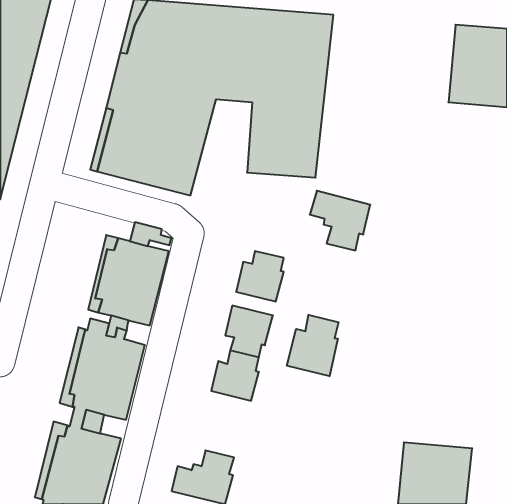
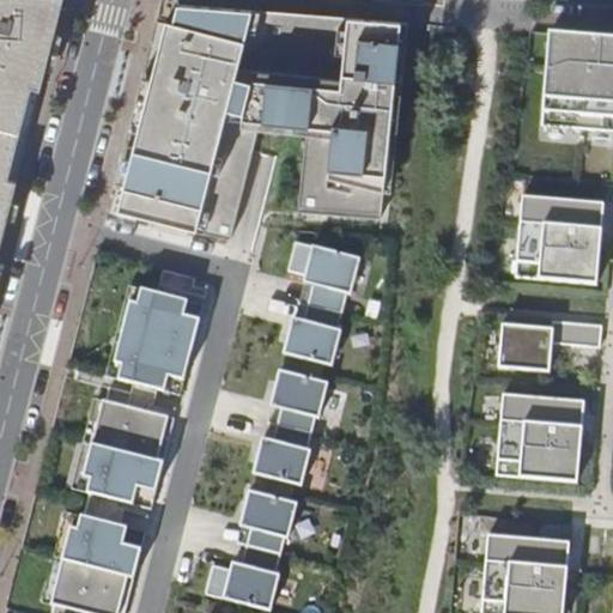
building: none -> [515,194,603,283]
building: [310,191,370,250] -> [287,239,360,311]
building: none -> [498,318,602,370]
building: [287,315,339,376] -> none
building: none -> [496,393,584,481]
building: none -> [242,488,299,552]

